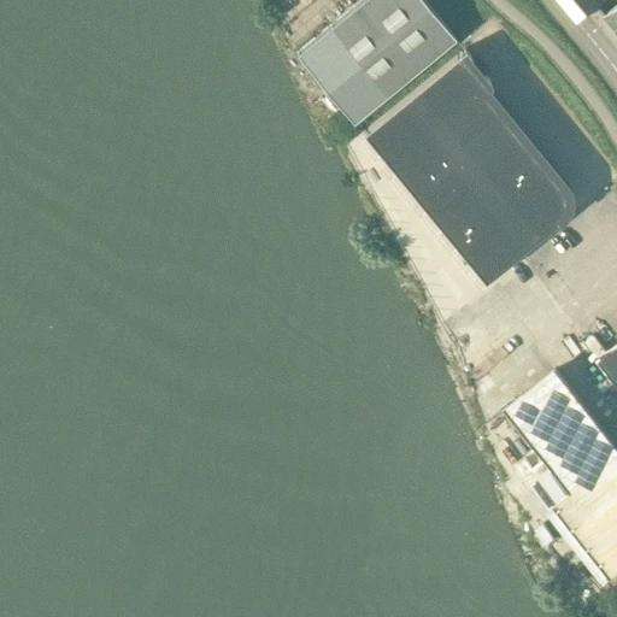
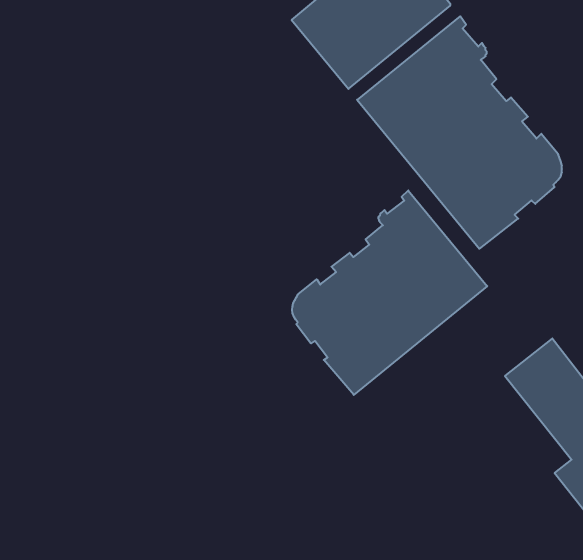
building: none -> [292,190,487,395]

